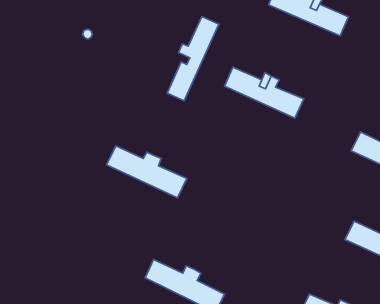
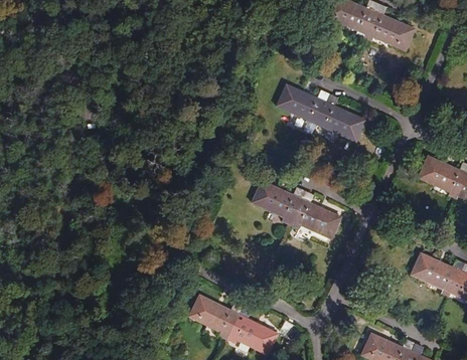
building: [167,17,219,101] -> none
building: [107,146,187,198] -> [253,181,341,238]

